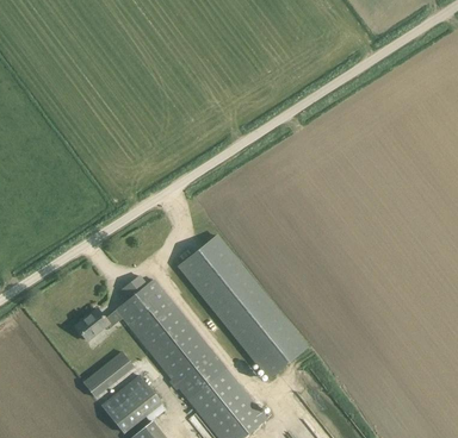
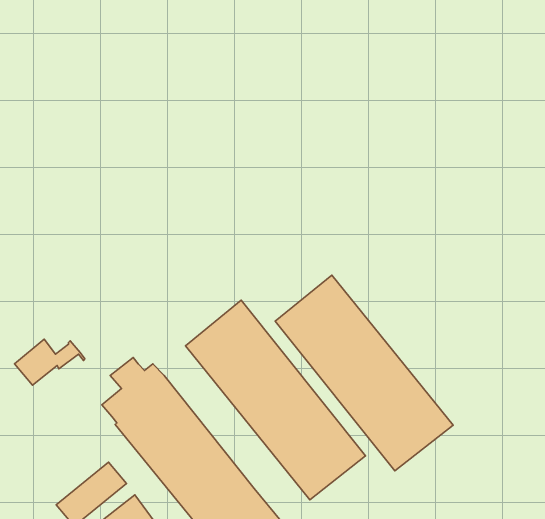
building: none -> [275,275,453,471]
building: [75,308,126,342] -> [15,339,85,385]

